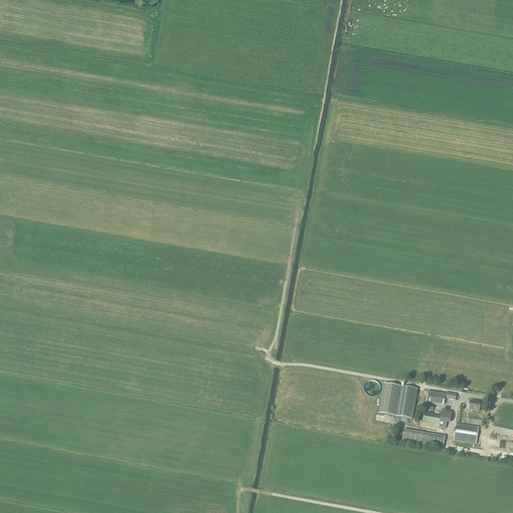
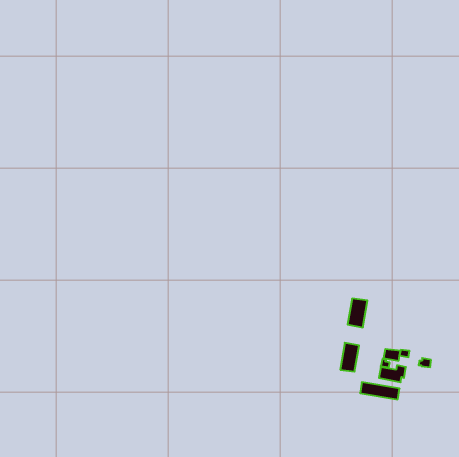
building: [396,385,418,417] -> [348,299,367,327]
building: [455,421,479,441] -> none

